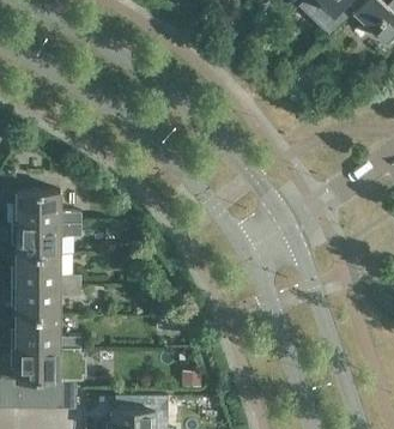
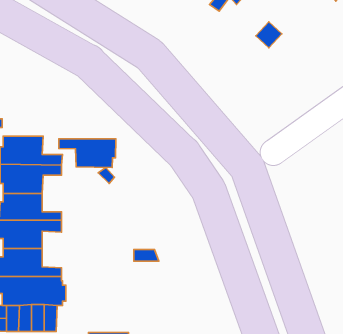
building: none -> [59,139,116,168]

